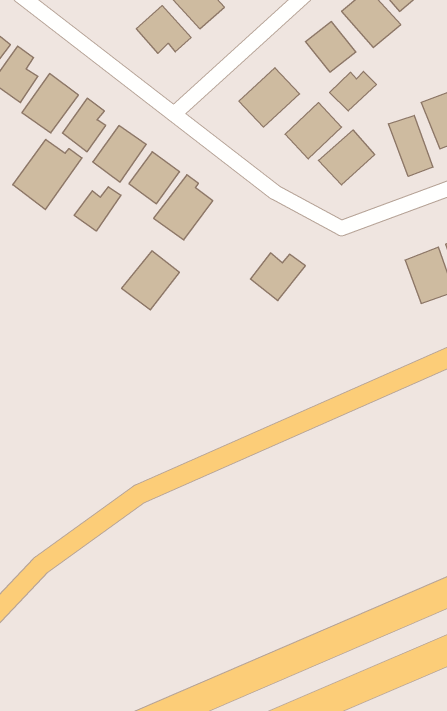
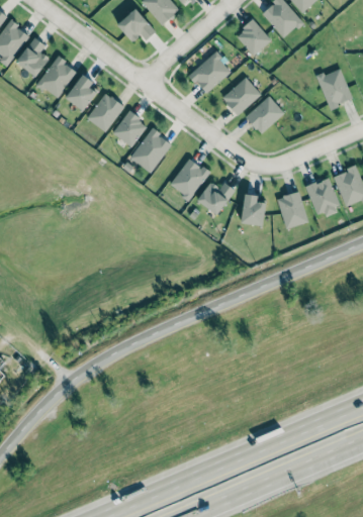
building: [330,71,376,111] -> none
building: [388,115,433,176] -> none
building: [13,139,82,210] -> none
building: [74,187,121,231] -> none
building: [122,251,179,310] -> [169,159,209,200]
building: none -> [277,192,308,229]
building: none -> [241,194,266,226]

